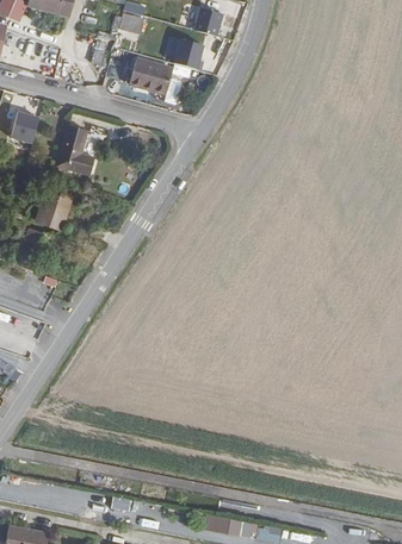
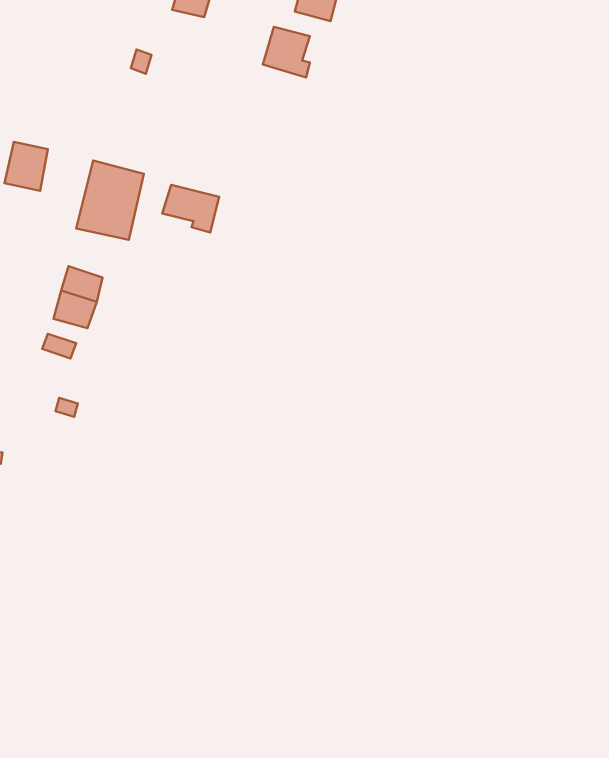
building: [129,58,172,93] -> none
building: none -> [162,185,219,233]

